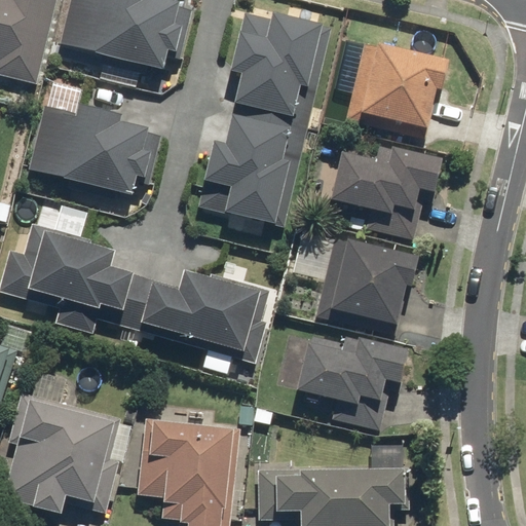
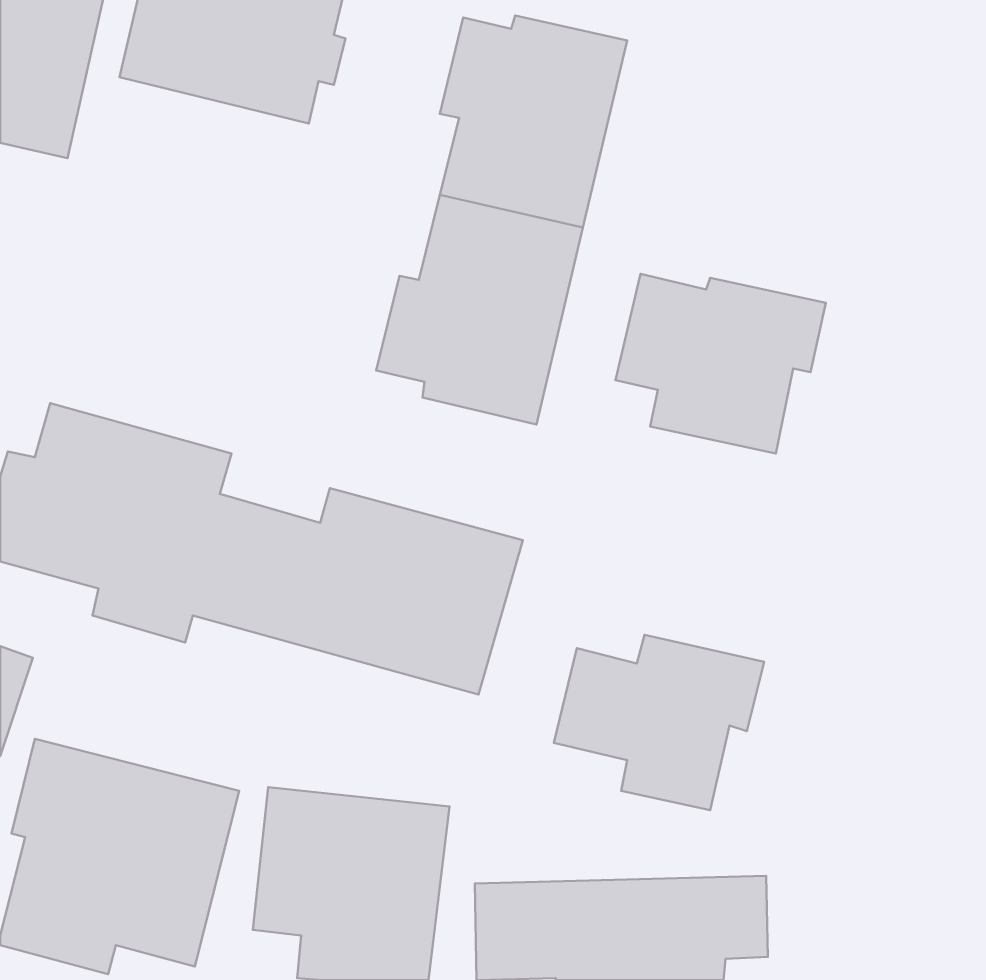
building: [343,43,447,143] -> none
building: [30,99,151,192] -> none
building: [290,231,417,337] -> none

